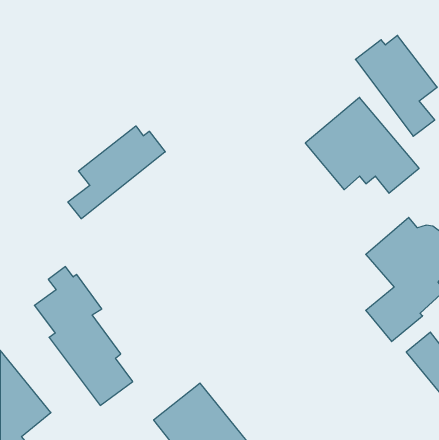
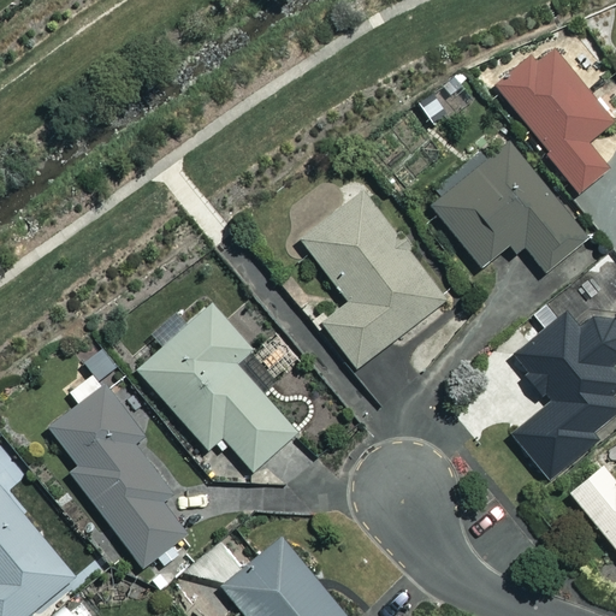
building: [68,126,165,219] -> none
building: none -> [302,192,445,367]
building: none -> [140,304,296,472]

